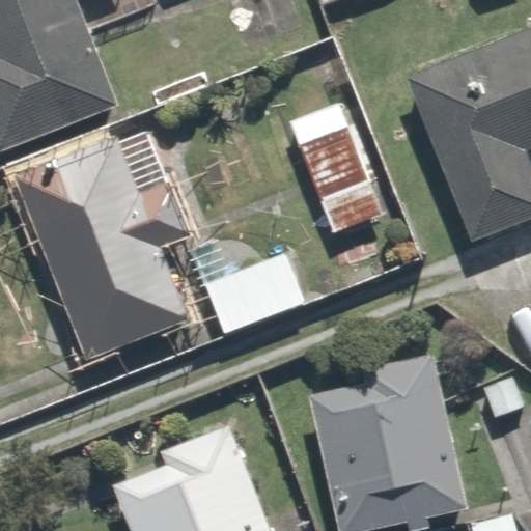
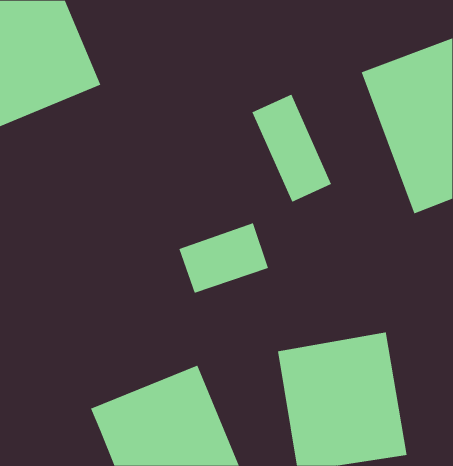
building: [24,147,201,364] -> none

